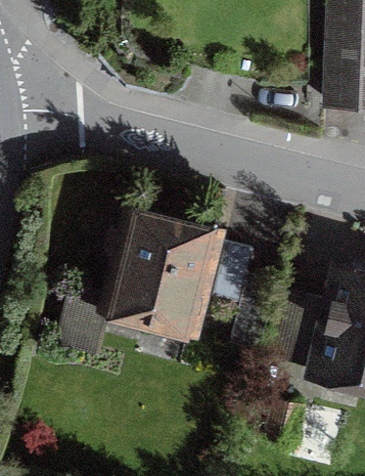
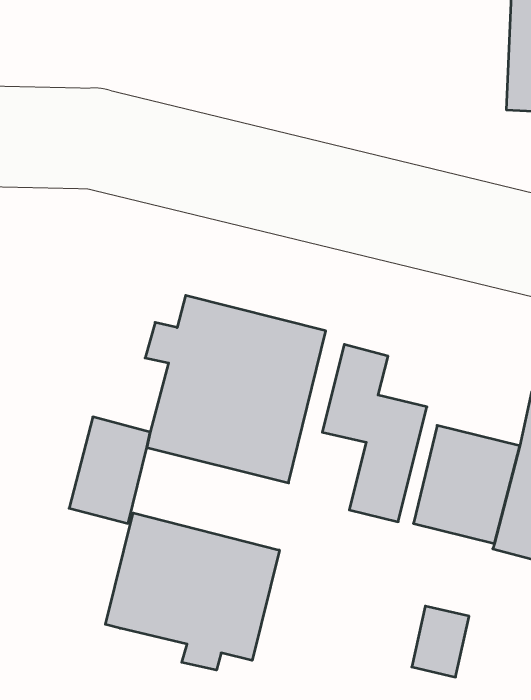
building: none -> [105,513,279,670]

